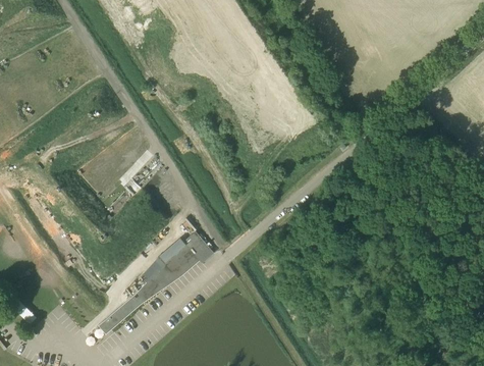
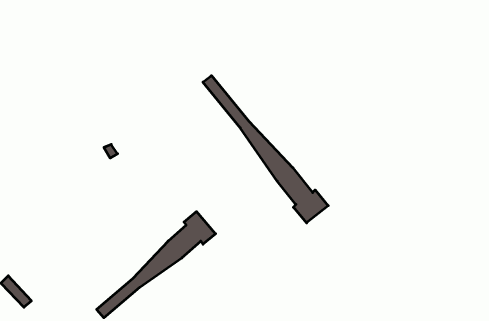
building: none -> [203,76,328,223]

